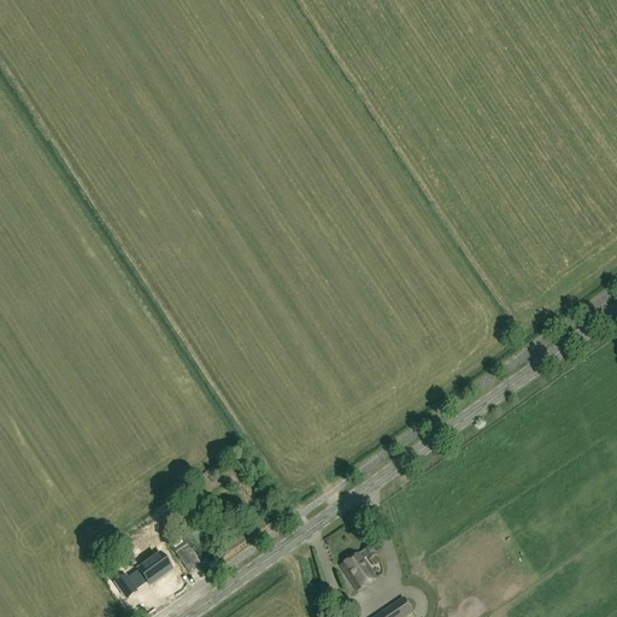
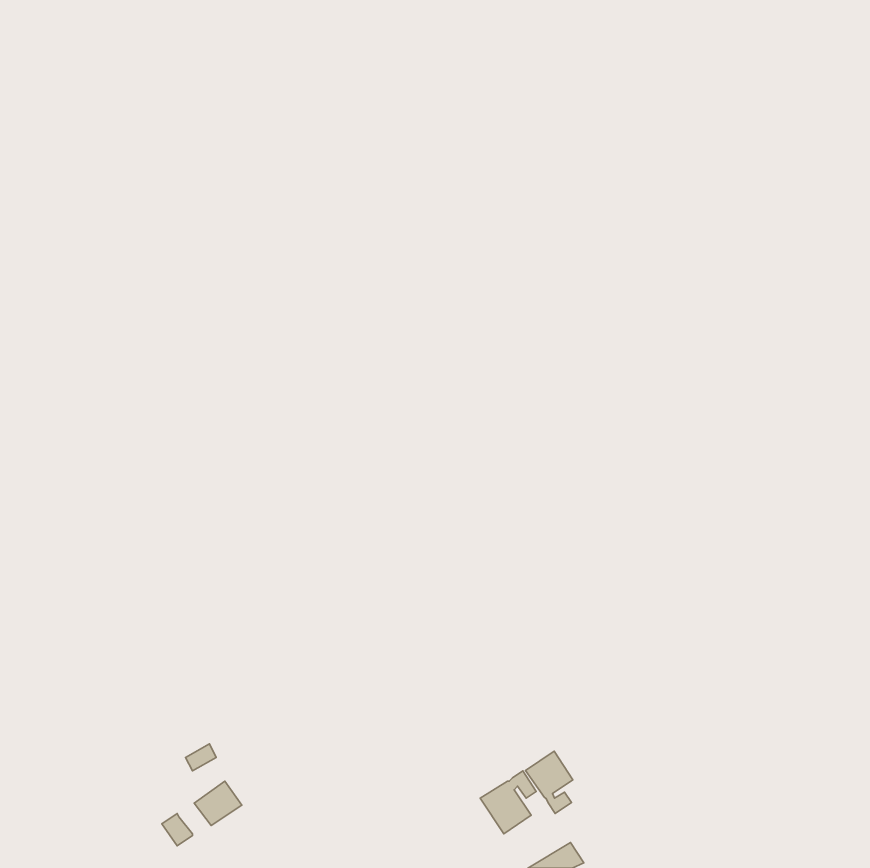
building: none -> [526,751,573,814]

